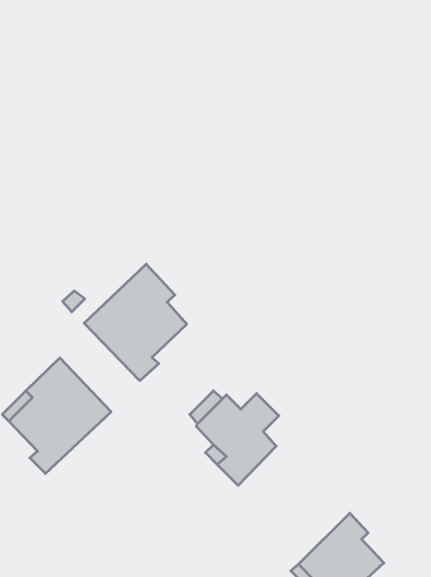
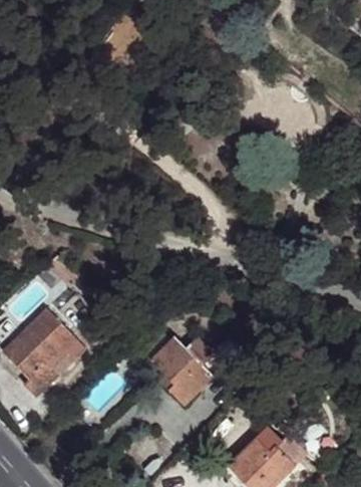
building: [84,264,187,381] -> none

